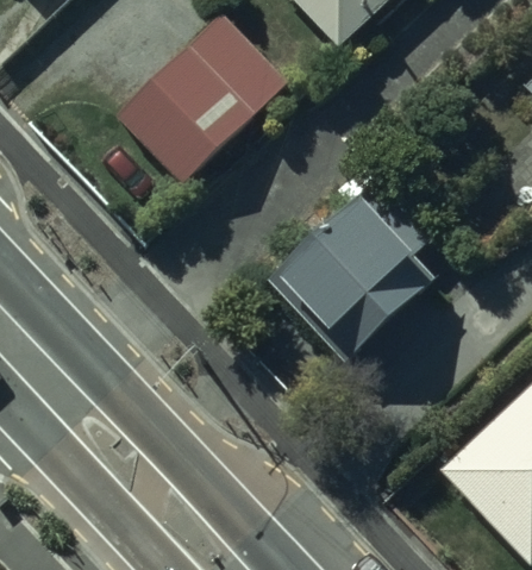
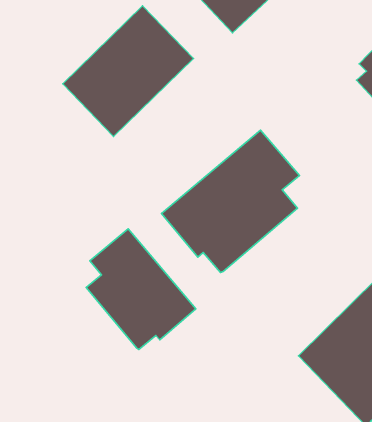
building: none -> [86,229,196,349]

